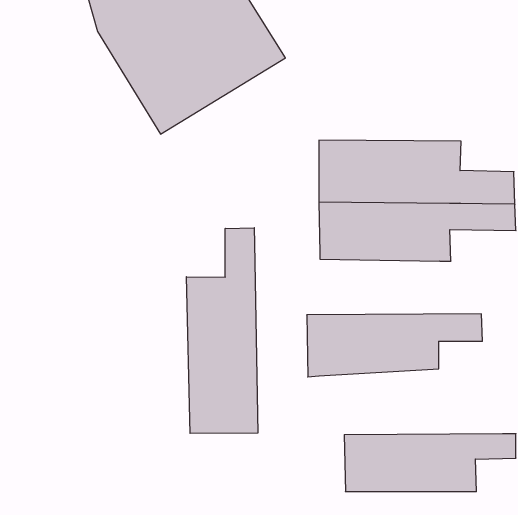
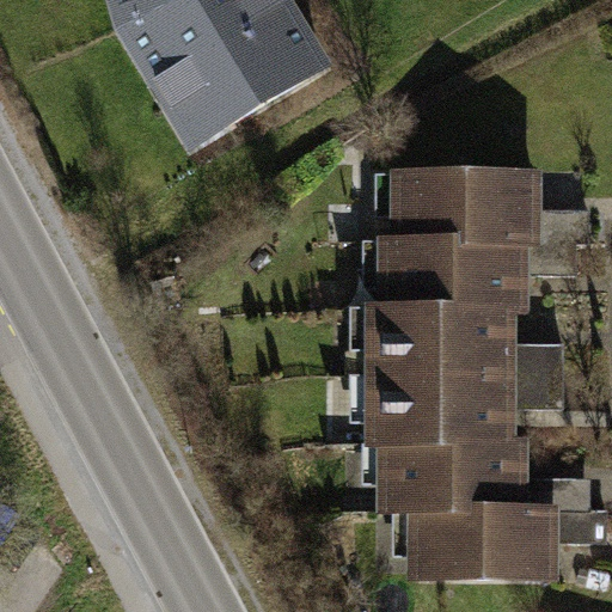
building: [186,228,258,433] -> none
building: none -> [361,298,567,371]
building: none -> [374,434,592,512]

